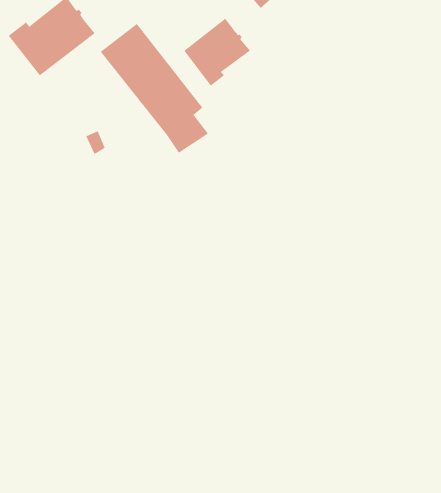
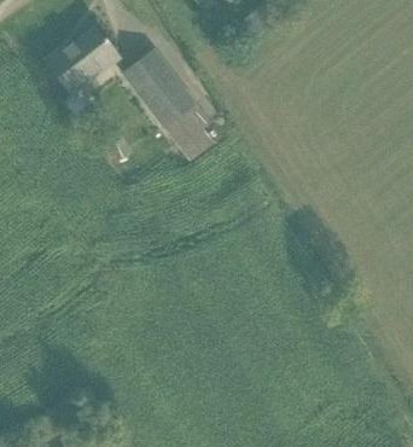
building: [183,18,251,86] -> none

